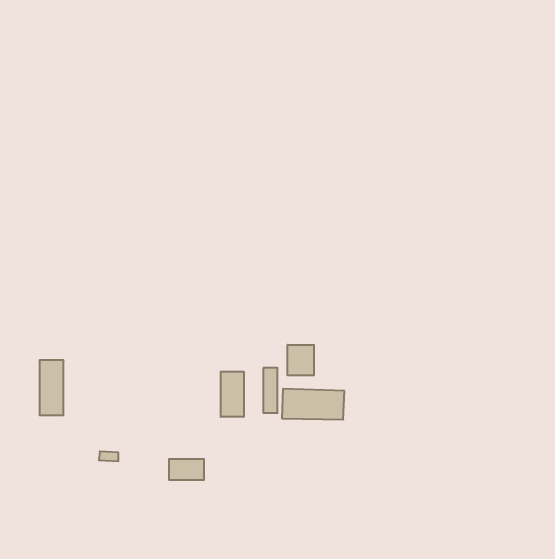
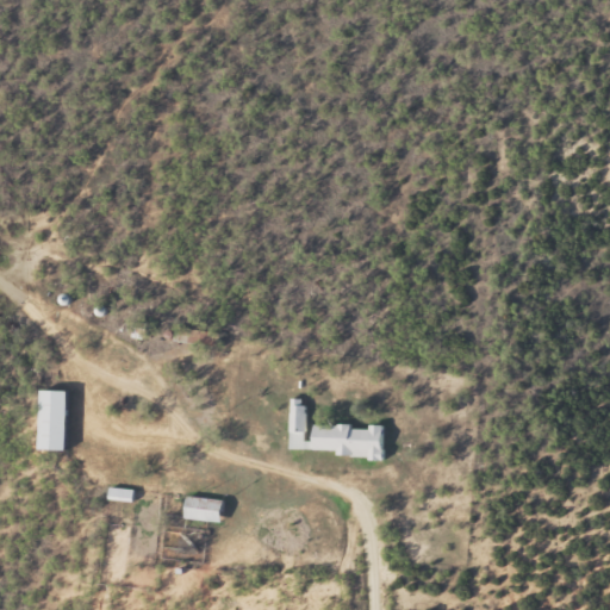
building: [288,345,314,375] -> none
building: [221,372,244,417] -> none

